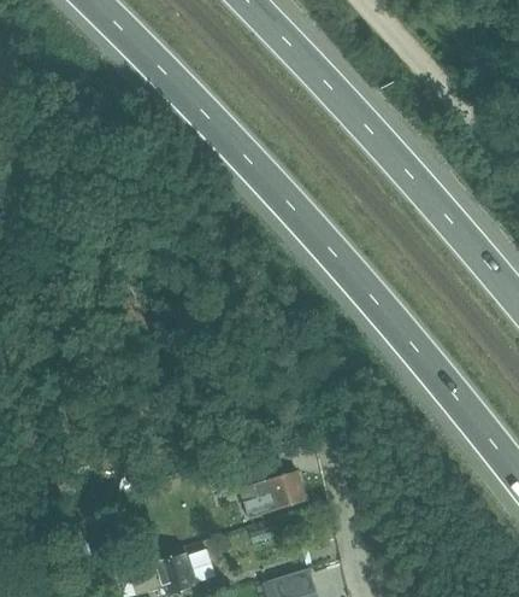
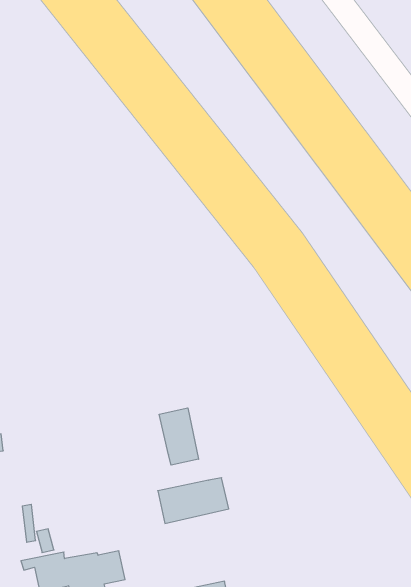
building: none -> [159,408,199,465]

